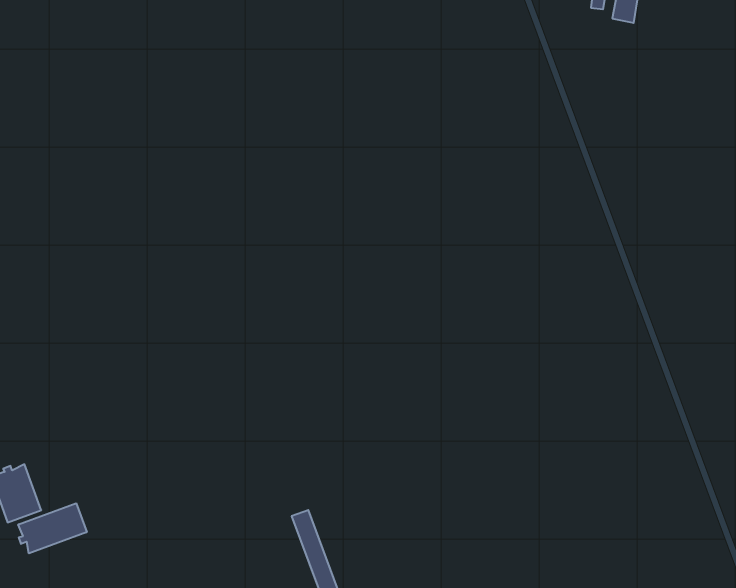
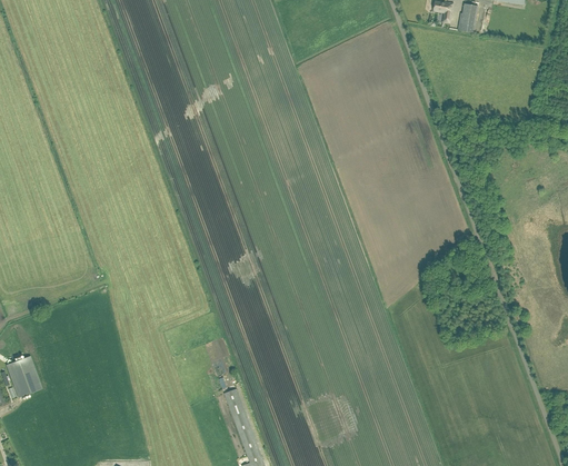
building: [18,503,87,553] -> none

